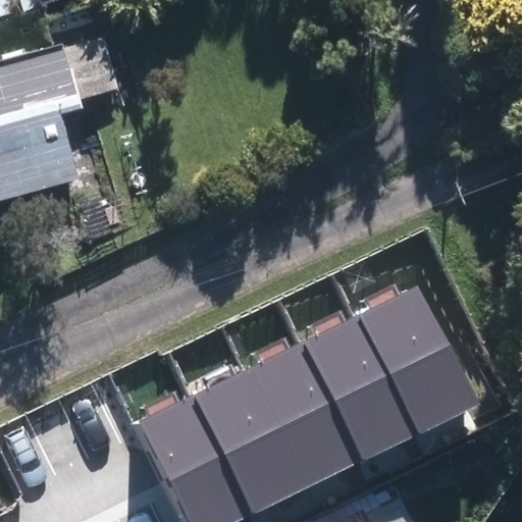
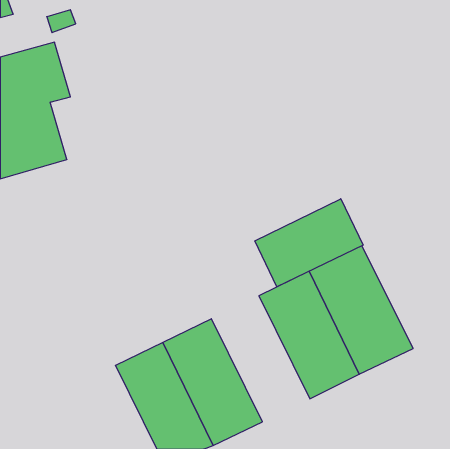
building: none -> [255,199,363,287]
building: [245,343,359,488] -> none

